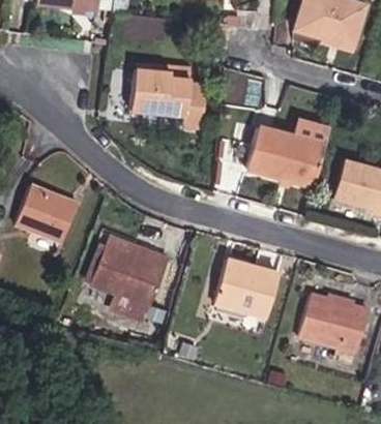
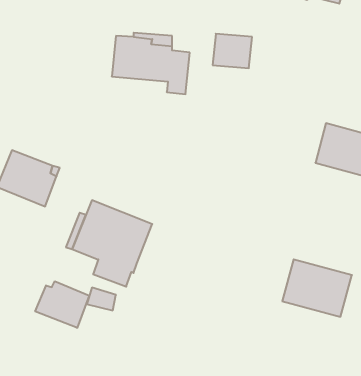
building: [246,122,329,187] -> none
building: [214,259,280,317] -> none
building: none -> [35,281,89,328]

